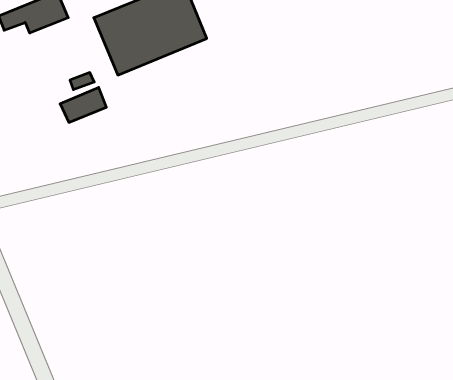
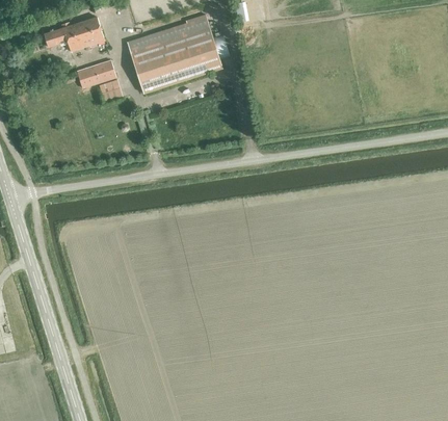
building: [60,87,106,122] -> [76,59,115,87]

